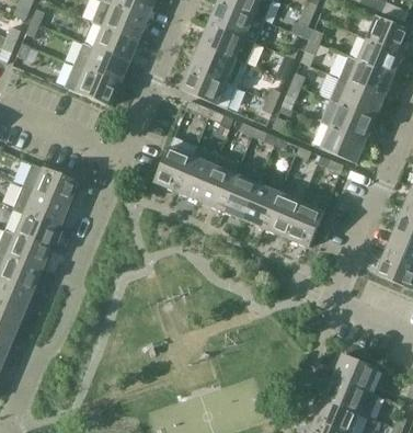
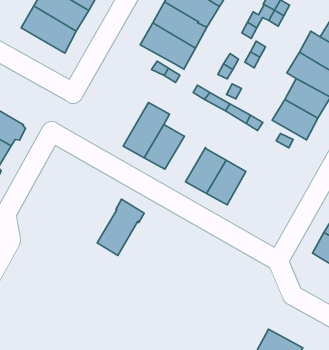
building: [156,136,197,192] -> none
building: [221,163,264,219] -> [97,199,144,256]
building: [287,202,324,247] -> none

